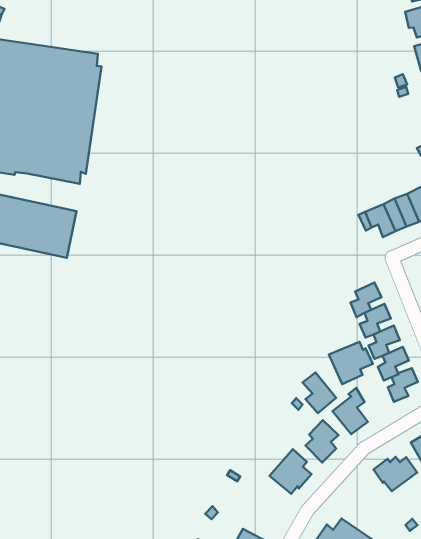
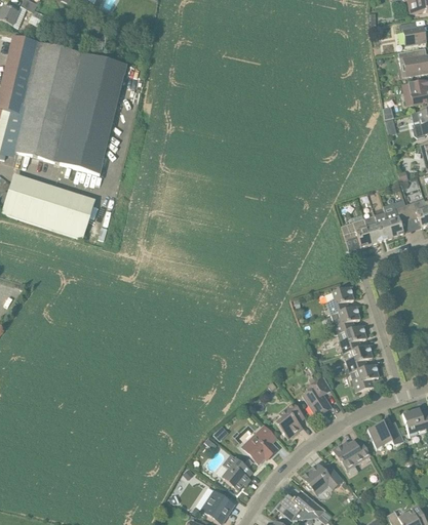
building: [329,342,373,384] -> none
building: [302,373,336,413] -> none
building: none -> [302,461,343,494]
building: none -> [222,454,252,490]

